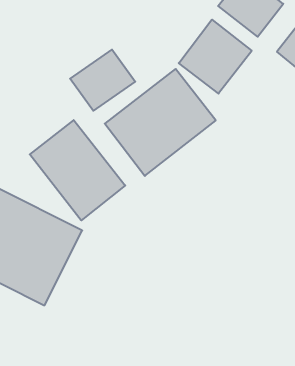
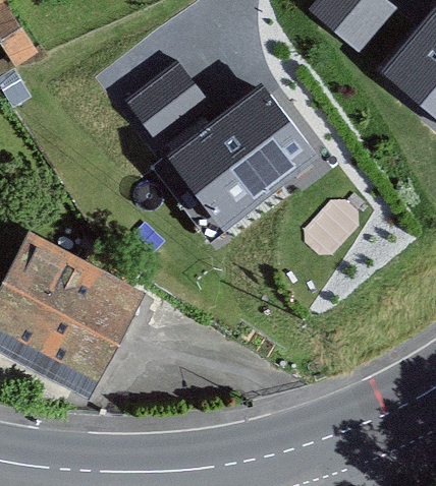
building: [179,20,252,94] -> none
building: [30,120,125,220] -> none

